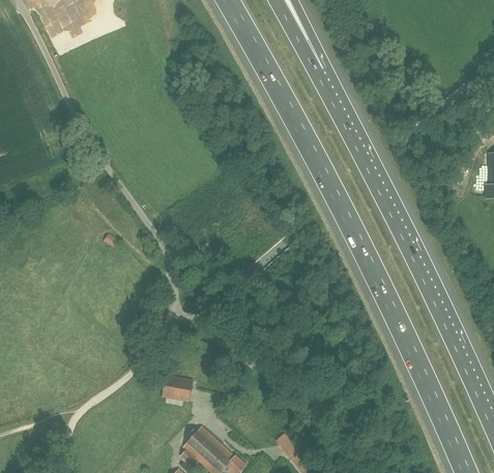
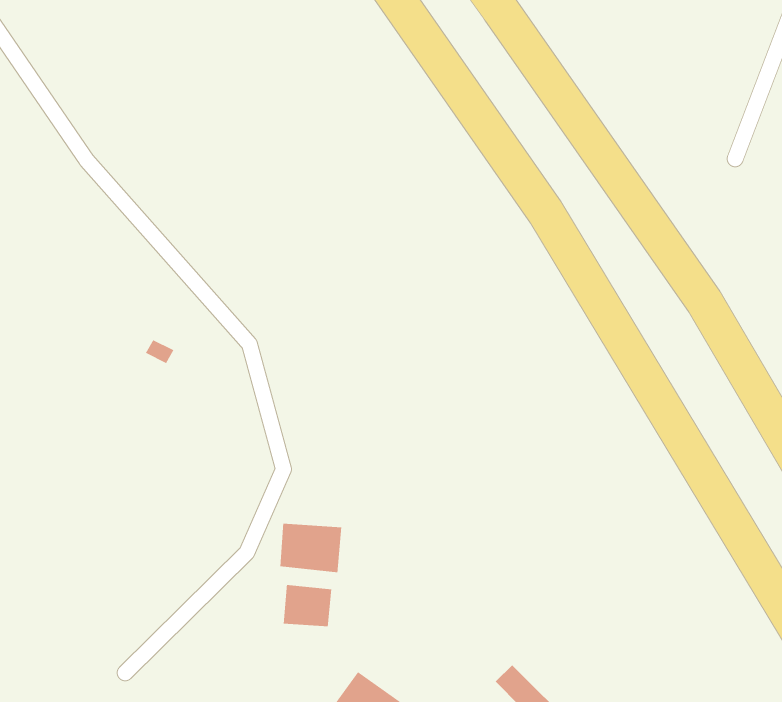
building: none -> [279,523,342,573]

